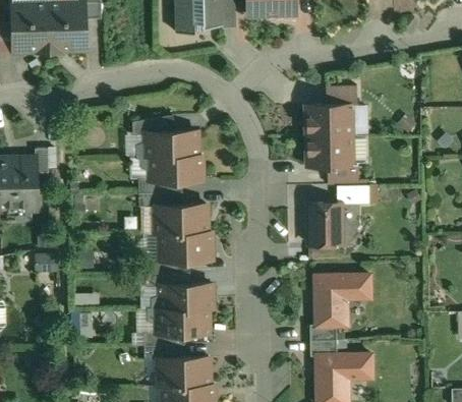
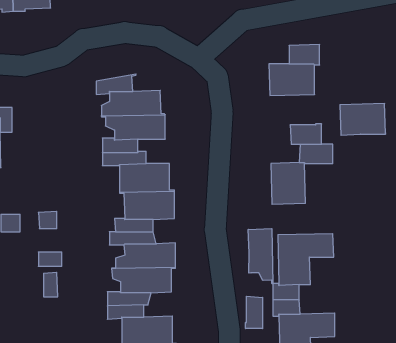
building: [306,134,352,166] -> [340,104,386,135]
building: none -> [248,229,273,284]
building: none -> [246,296,263,329]

